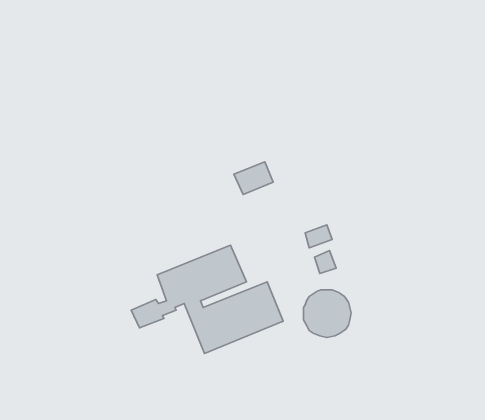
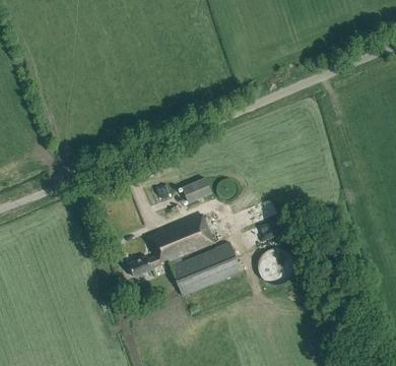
building: [234,162,273,194] -> [183,178,212,202]

